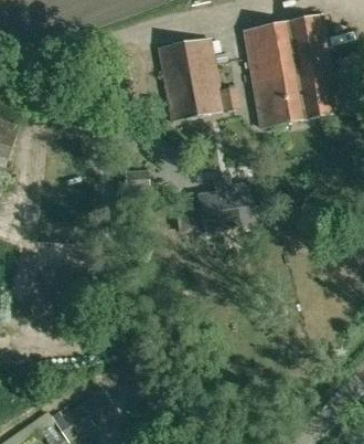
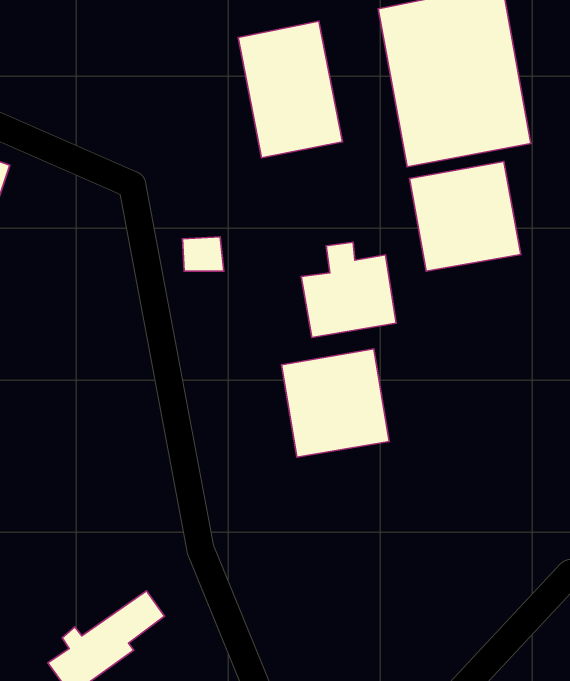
building: none -> [409,162,521,271]
building: none -> [281,349,389,457]

